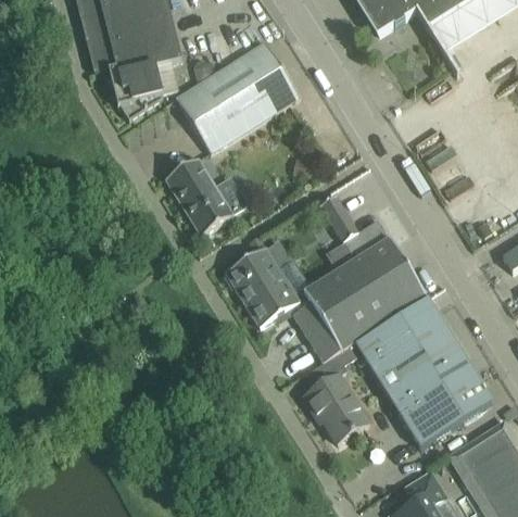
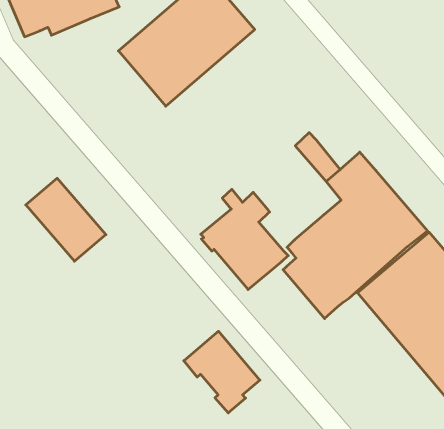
building: [109,64,163,119] -> none
building: [166,157,233,234] -> [26,178,106,261]
building: [304,374,369,447] -> [184,331,260,413]

